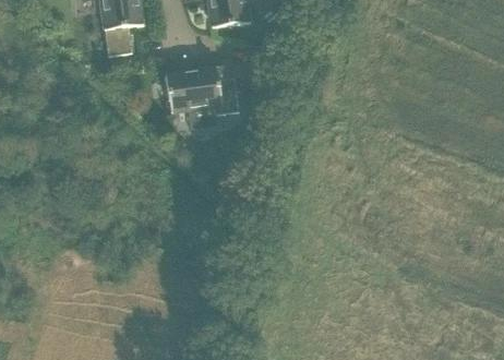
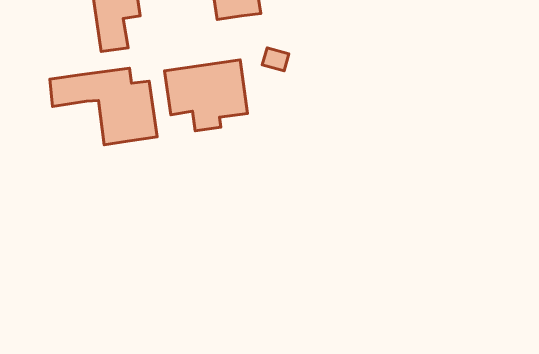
building: none -> [50,68,157,145]

